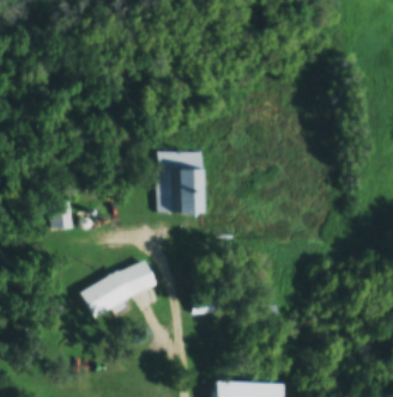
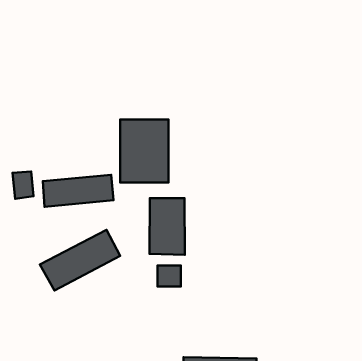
building: none -> [43,175,113,207]
building: none -> [150,198,185,255]

